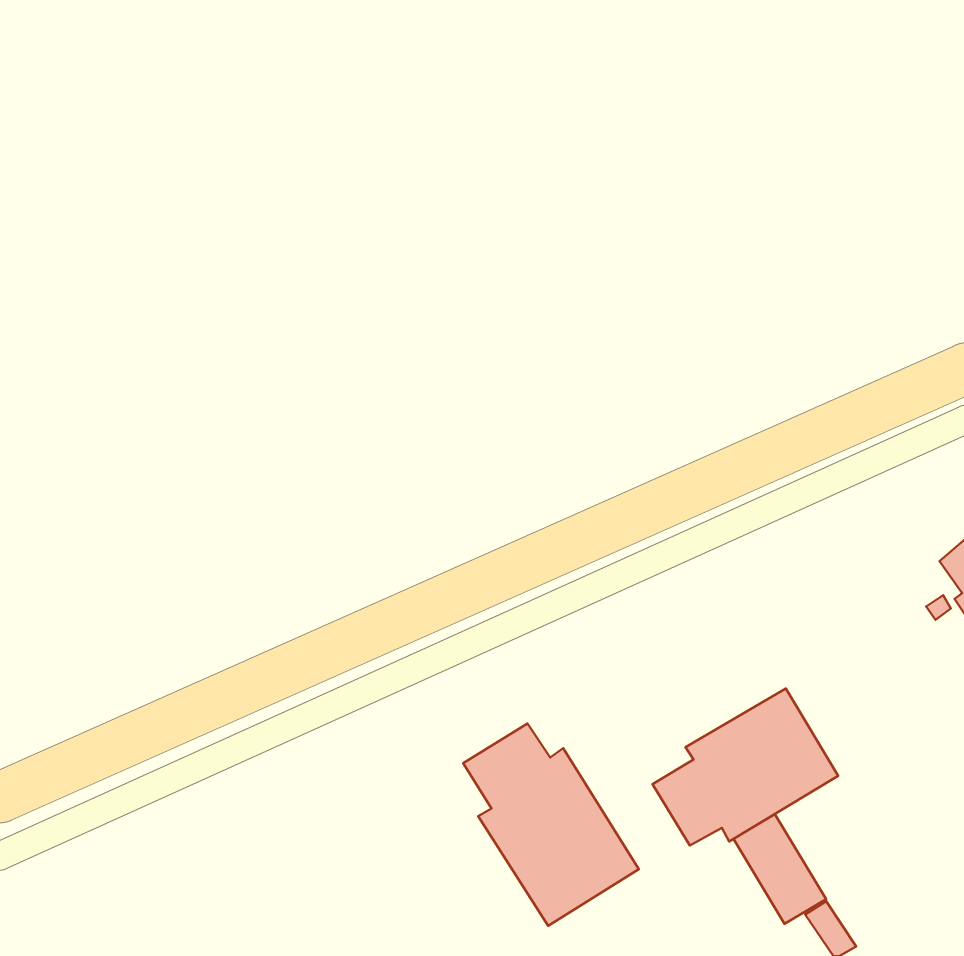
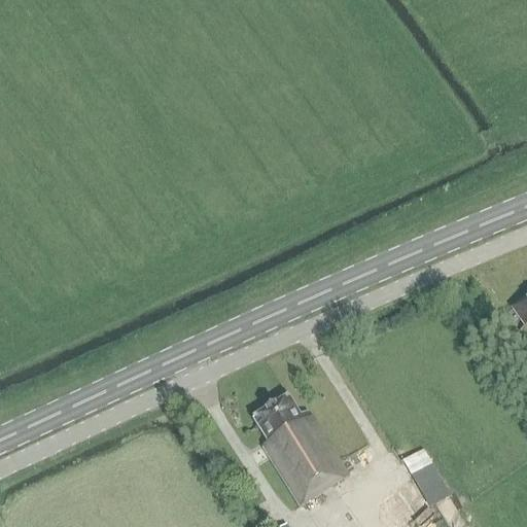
building: [653,689,838,846] -> none

